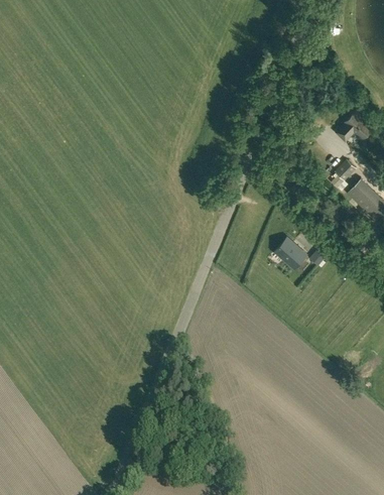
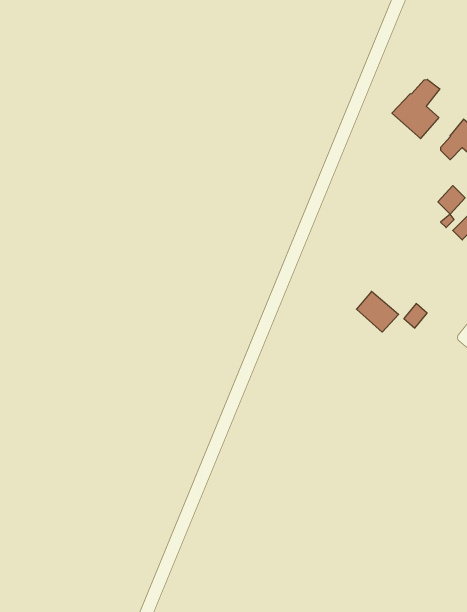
building: none -> [392,79,440,139]

